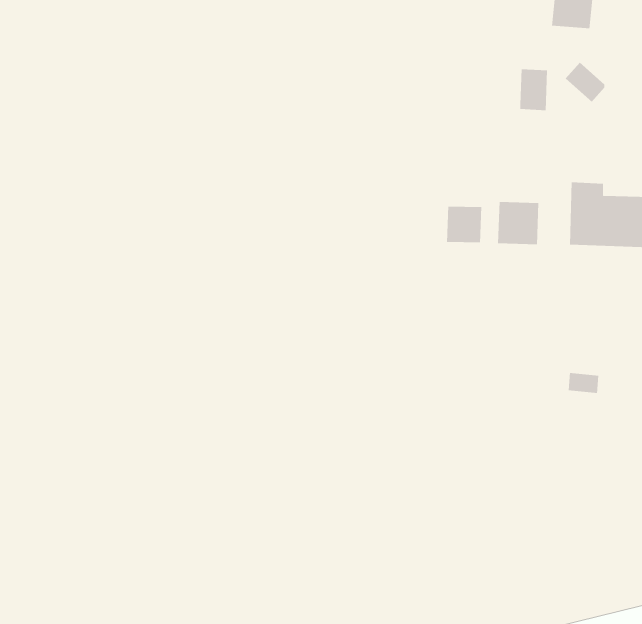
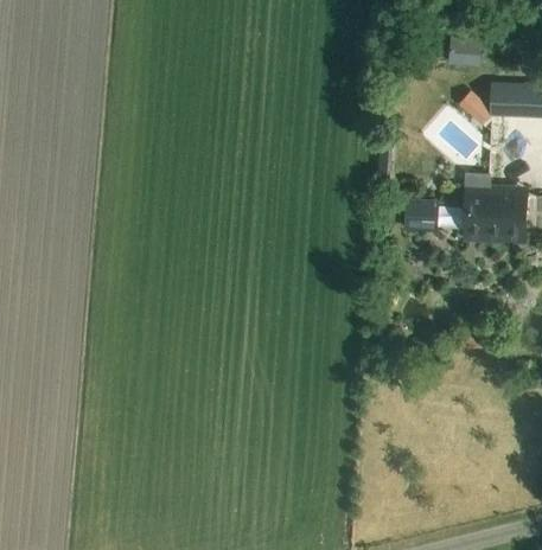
building: [519,69,548,111] -> [492,79,515,113]
building: [447,206,482,243] -> none

